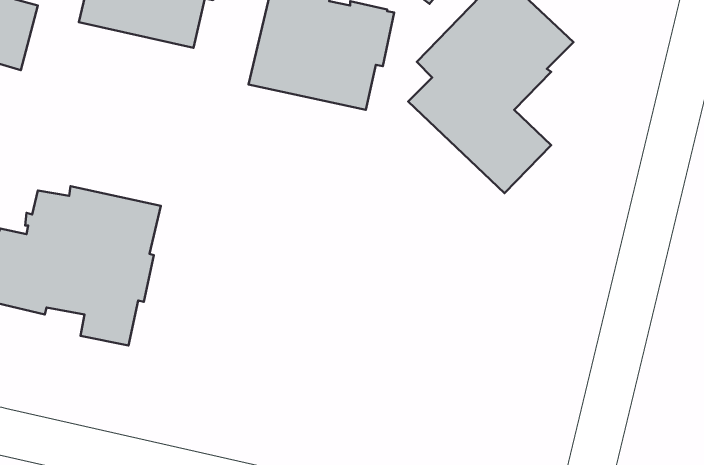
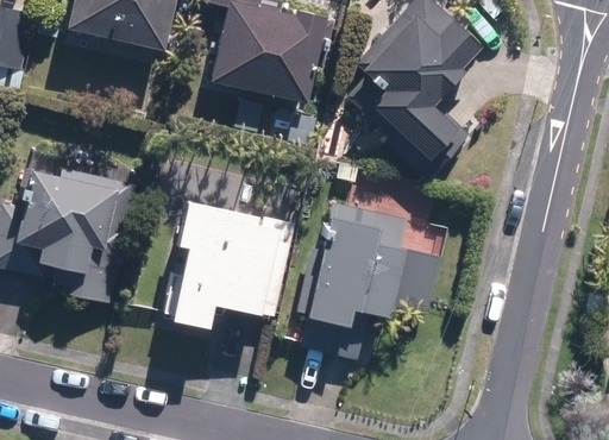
building: none -> [164,201,294,329]
building: none -> [295,201,440,358]

